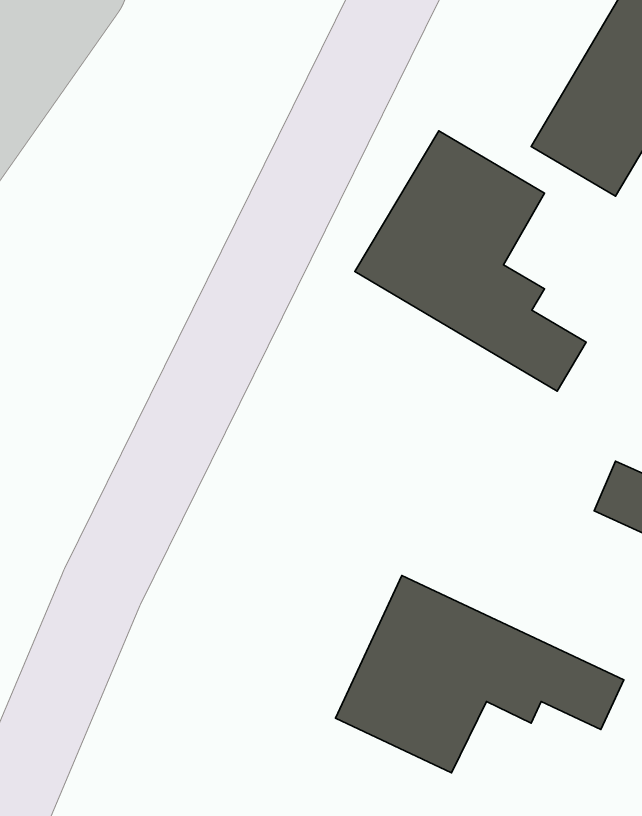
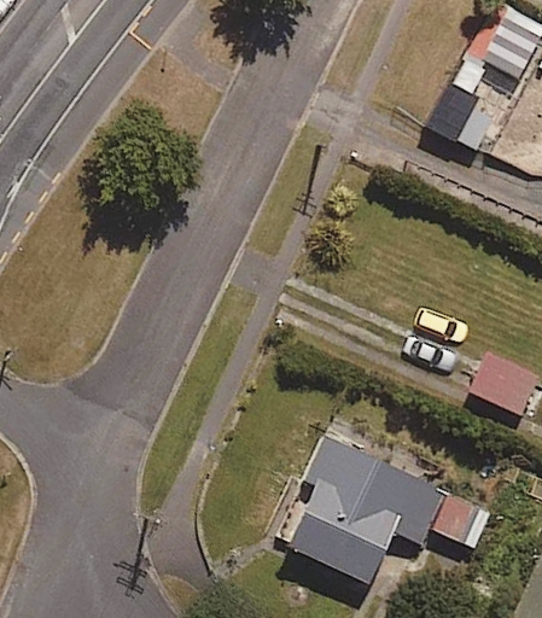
building: [355,131,586,391] -> none

